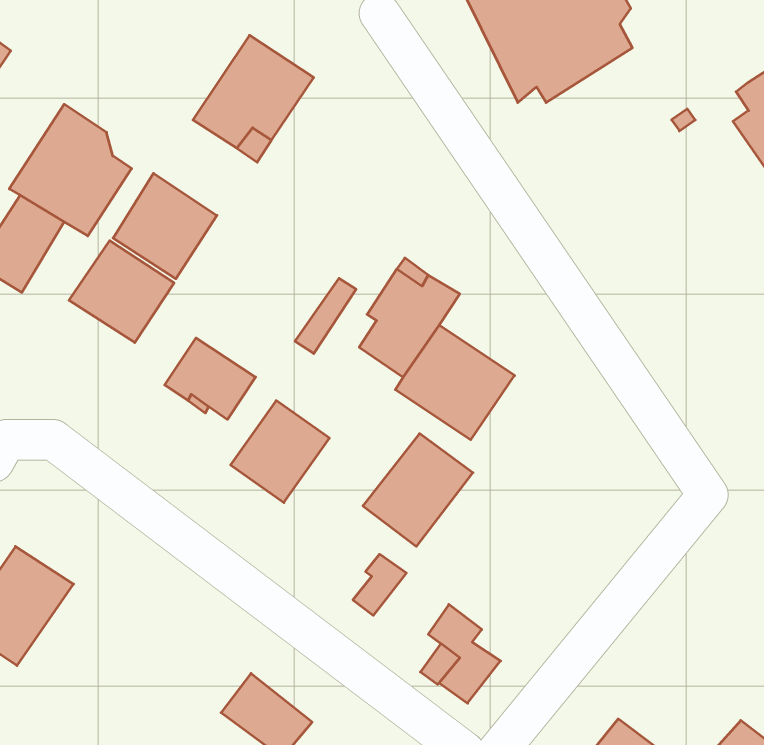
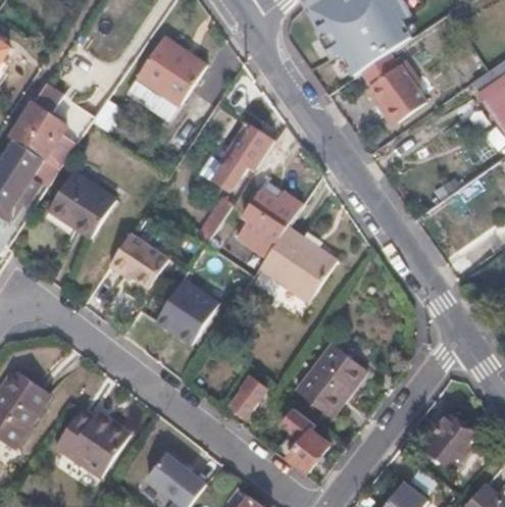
building: none -> [365,62,426,122]
building: none -> [212,121,274,191]
building: [113,173,217,279] -> none
building: [363,434,473,546] -> [296,343,367,416]
building: none -> [55,407,131,476]
building: none -> [421,415,492,472]

